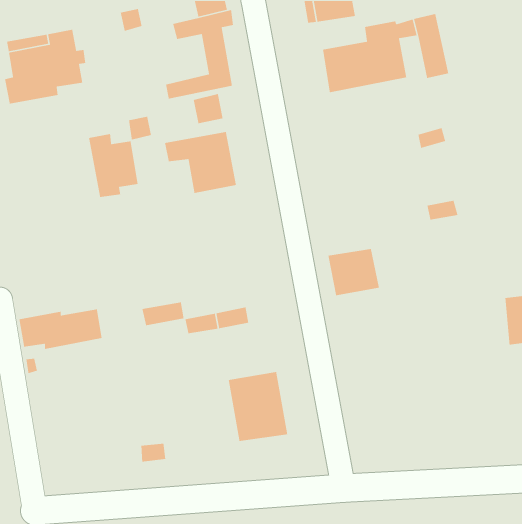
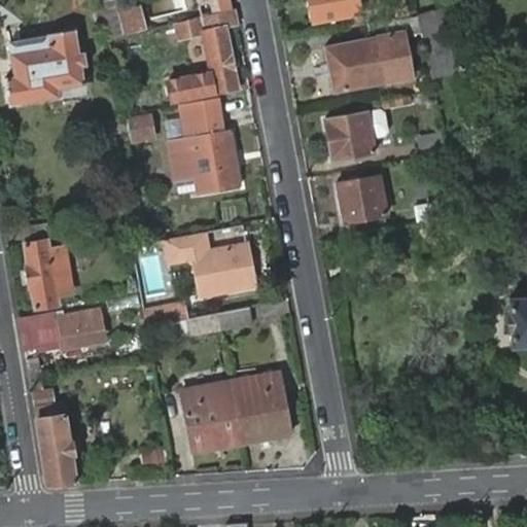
building: none -> [325,112,376,161]
building: [88,133,138,198] -> [30,239,80,304]
building: none -> [166,233,253,294]
building: [327,248,380,296] -> [336,174,388,222]
building: none -> [182,381,242,452]
building: none -> [33,388,78,483]

